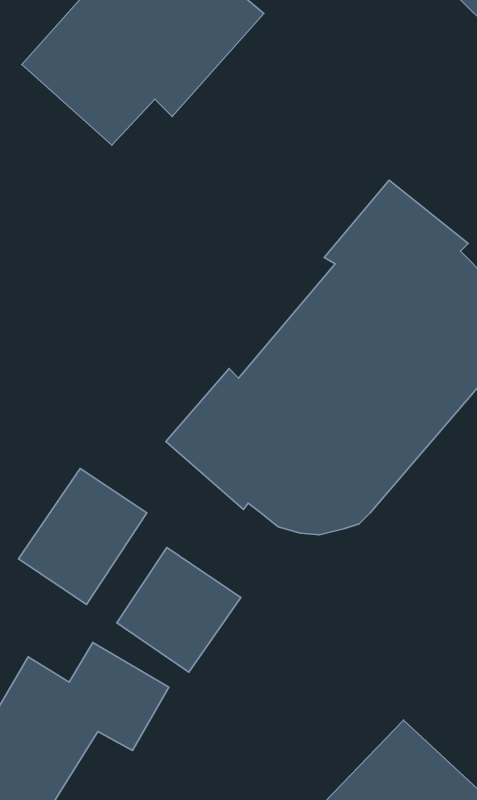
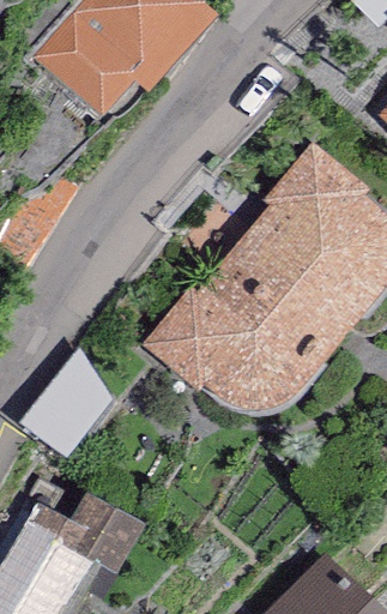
building: [117,547,241,672] -> none

